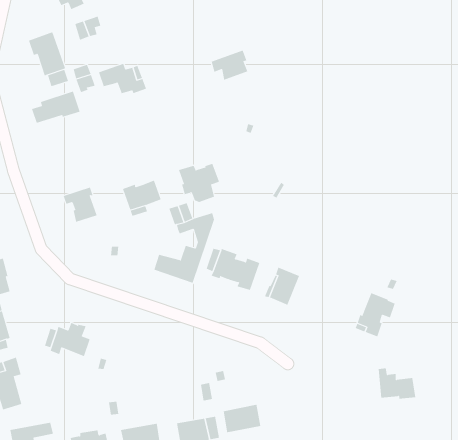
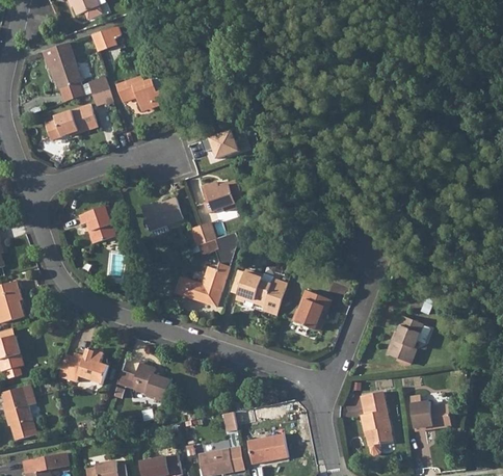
building: [211,50,248,80] -> [203,128,242,160]
building: none -> [132,363,169,399]
building: none -> [360,391,391,455]

